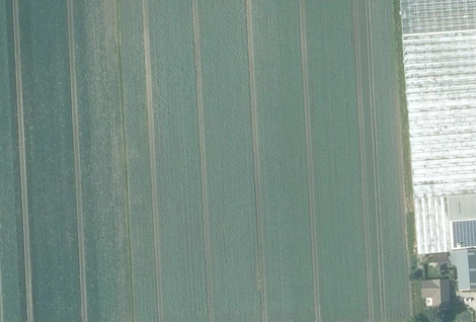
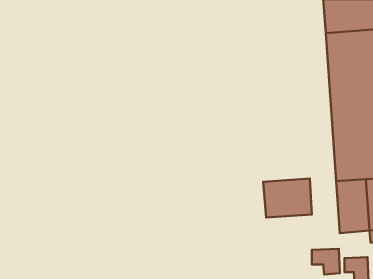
building: none -> [263,178,312,218]
building: none -> [312,249,340,274]

